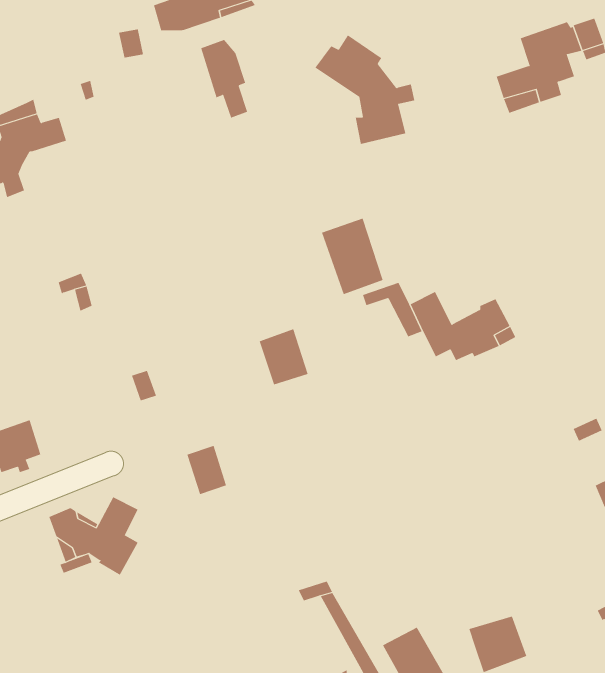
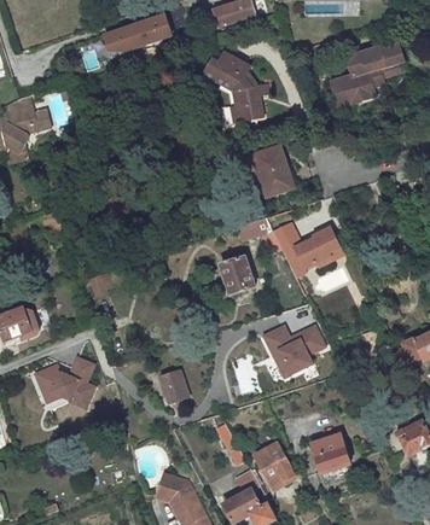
building: [201,39,248,118] -> none
building: [321,218,383,295] -> [251,146,292,197]
building: [259,328,308,385] -> [221,256,254,293]
building: none -> [260,322,325,379]
building: [187,445,227,495] -> [162,371,188,403]

